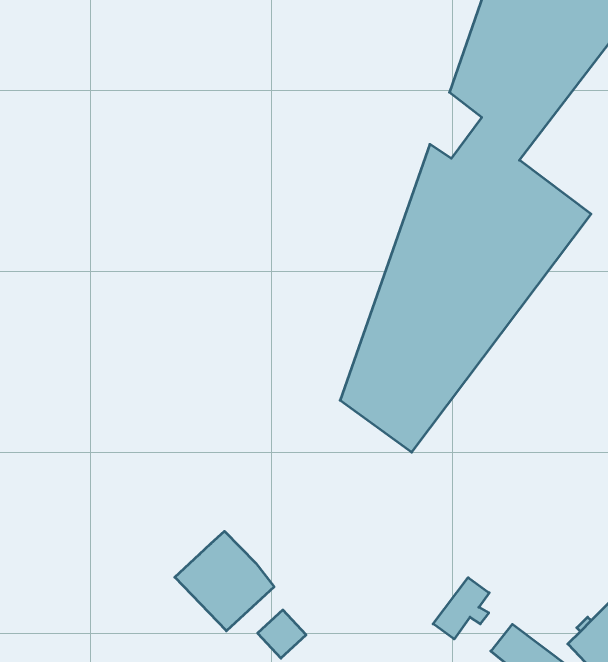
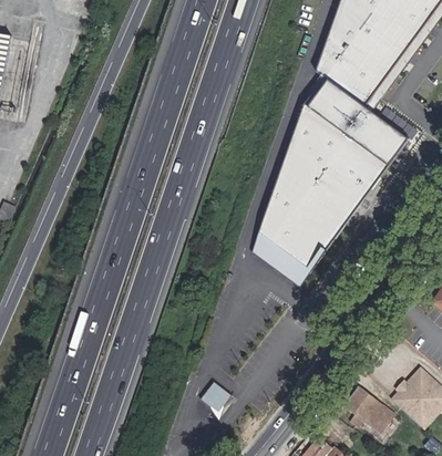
building: [175,531,274,631] -> none
building: [433,578,489,639] -> none

